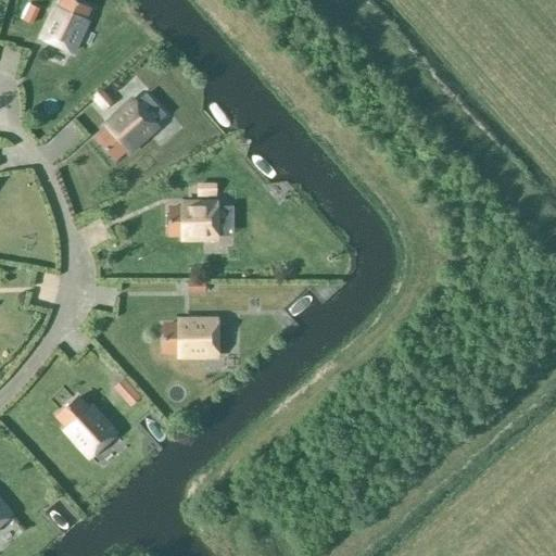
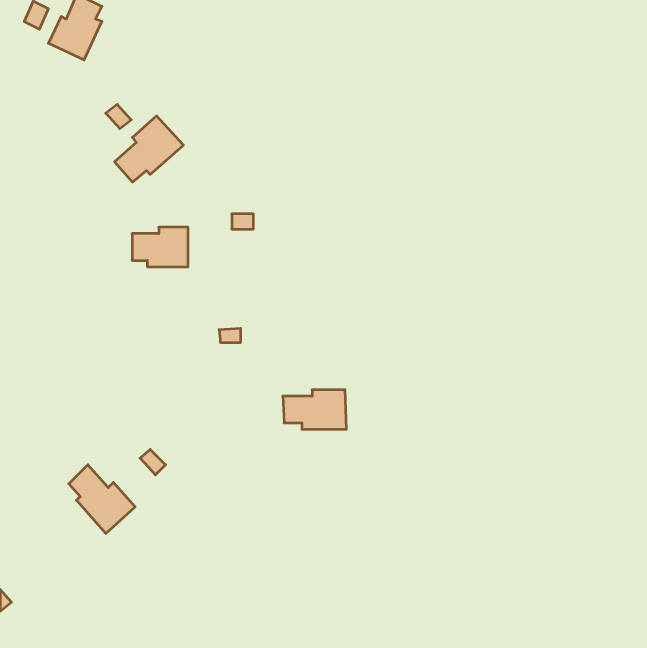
building: [172,202,219,236] -> [132,227,188,267]
building: [166,319,220,353] -> [283,390,346,429]

